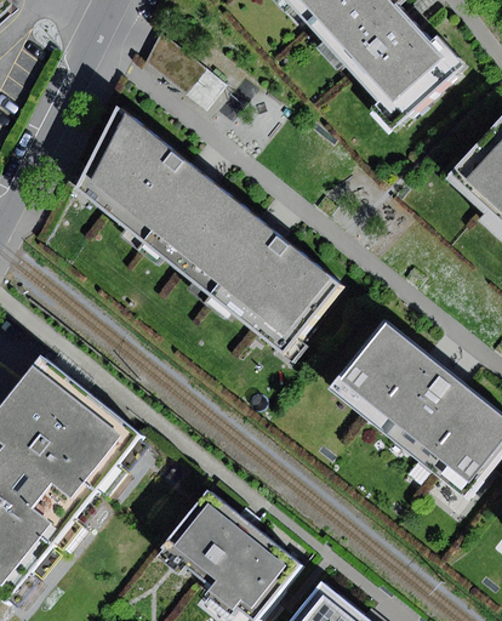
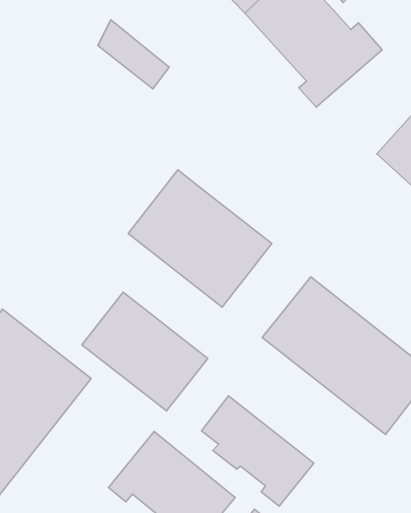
building: [75,104,235,270] -> none
building: none -> [82,292,208,411]
building: none -> [202,396,314,506]

